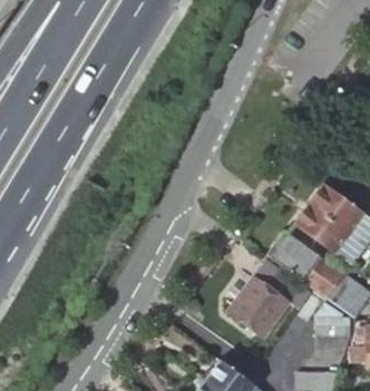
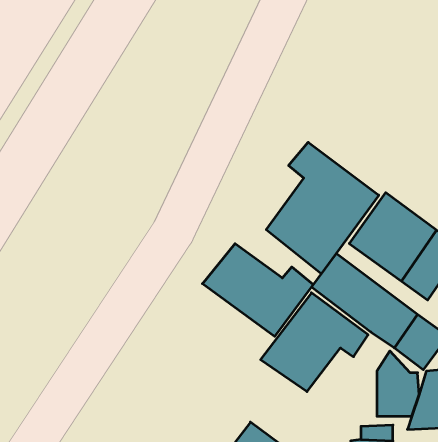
building: none -> [266,142,379,274]
building: none -> [202,244,313,336]

